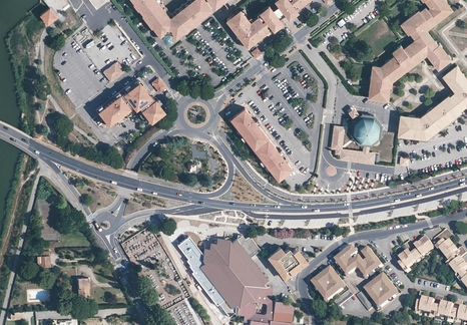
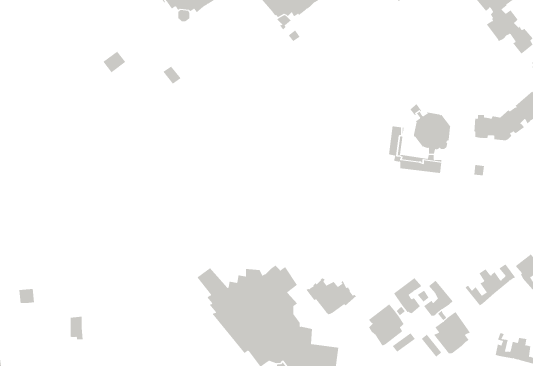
building: [369,45,419,99] -> none
building: [95,78,163,127] -> none
building: [228,108,292,179] -> none

